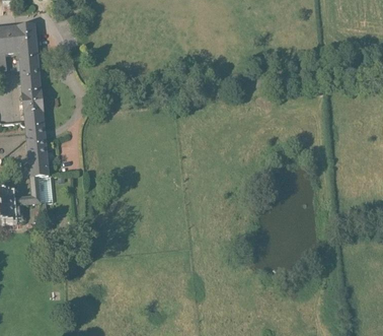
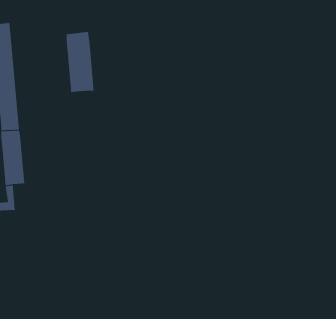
building: none -> [66,31,94,93]

